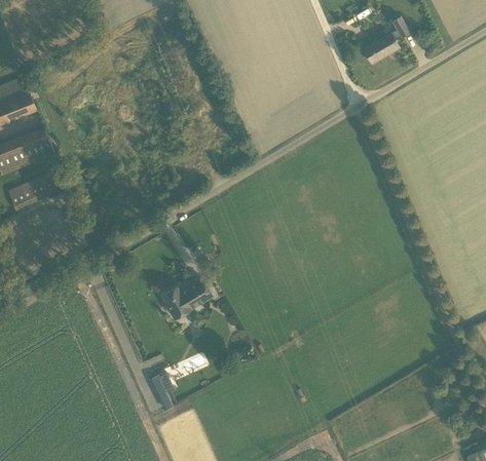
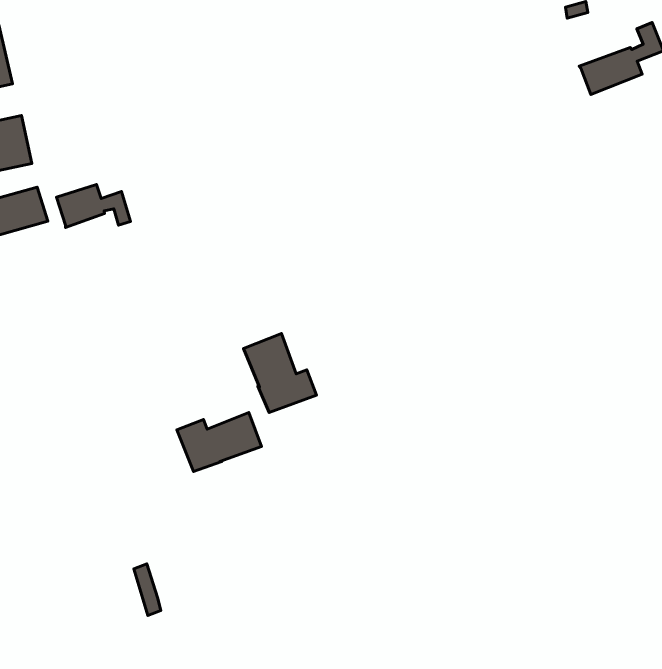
building: none -> [57,185,130,228]
building: none -> [244,334,317,413]

